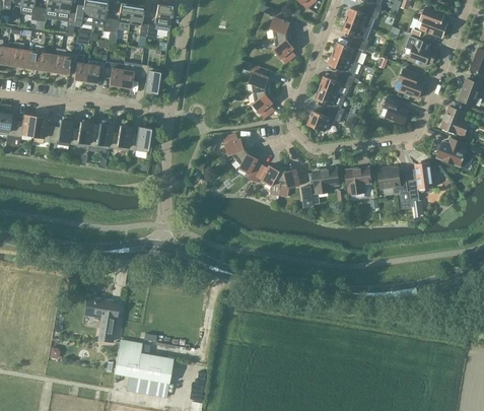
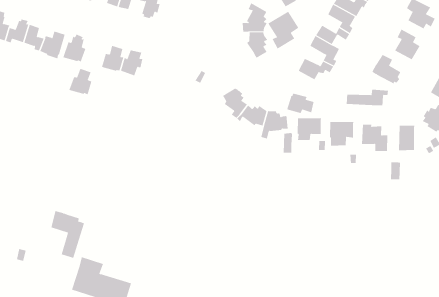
building: none -> [267,11,299,49]
building: [91,124,114,149] -> [68,68,92,95]
building: none -> [346,89,388,106]
building: [222,134,248,160] -> none
building: none -> [287,93,314,114]

